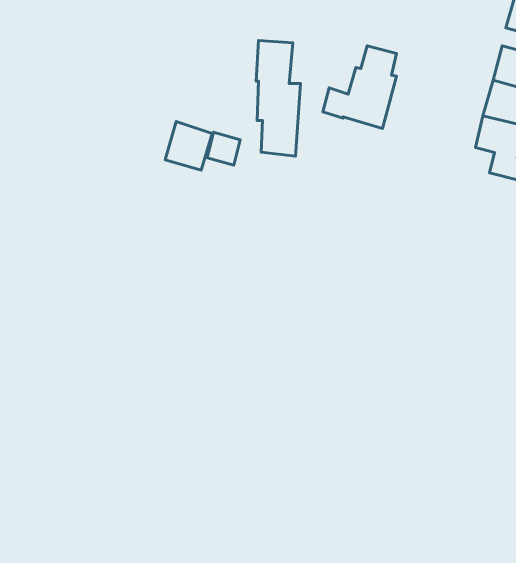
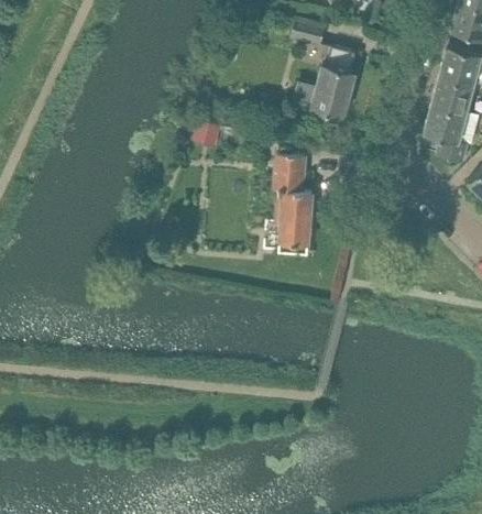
building: none -> [289,19,325,46]
building: [256,40,301,156] -> [273,155,311,255]
building: [165,121,212,170] -> none

